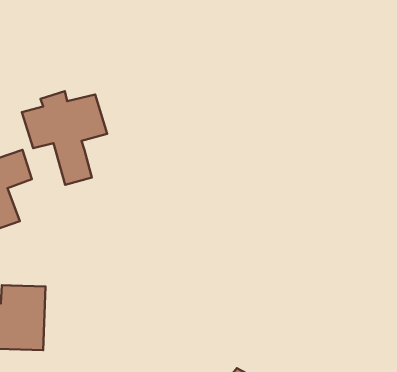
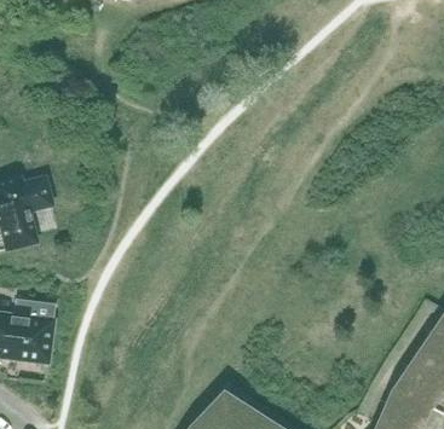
building: [22,91,107,185] -> none

